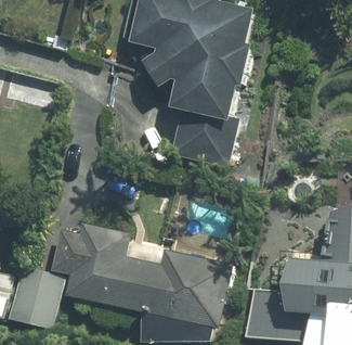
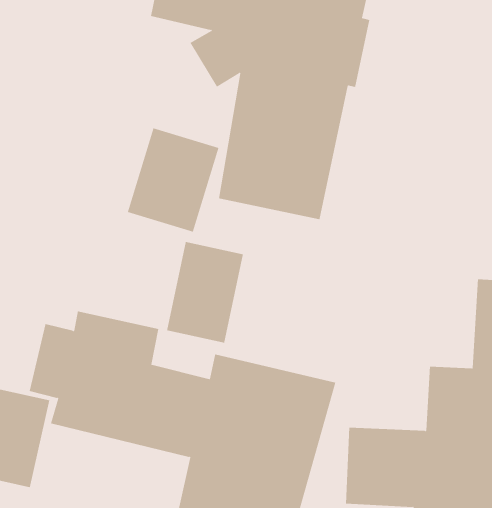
building: none -> [127,128,219,232]
building: none -> [167,241,243,343]

